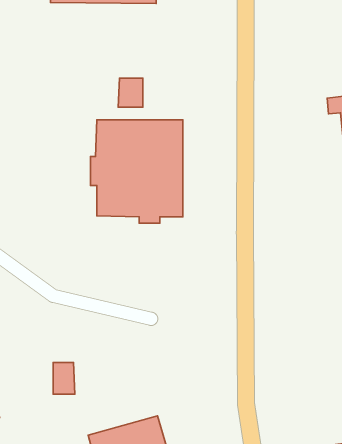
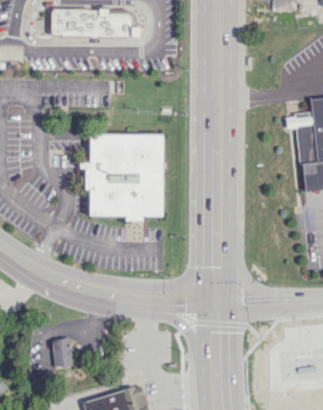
building: [118,78,143,107] -> none

